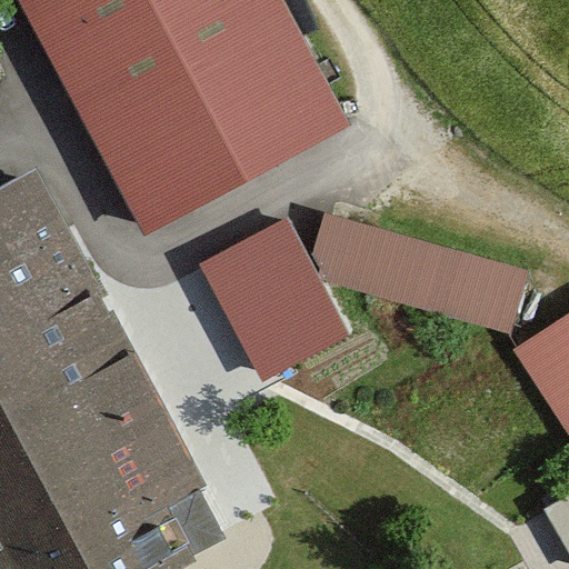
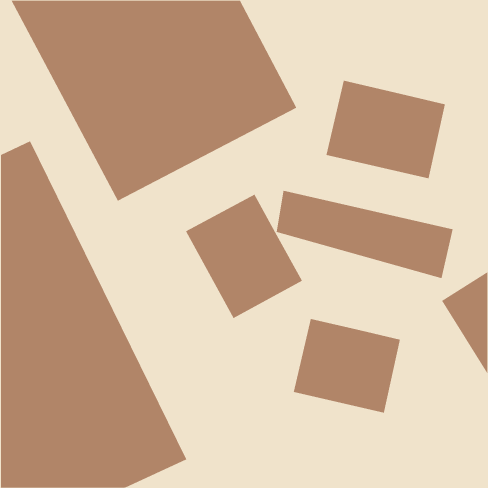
building: none -> [326,80,445,179]
building: none -> [293,318,401,413]

